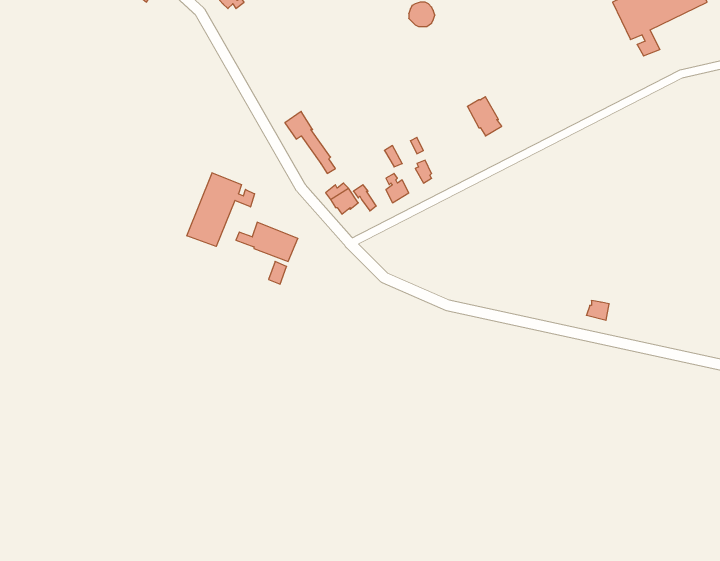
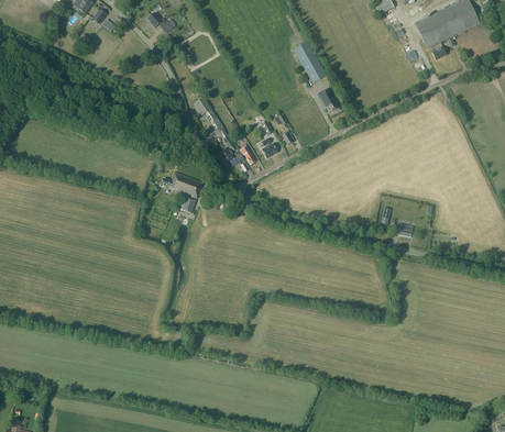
building: none -> [294,41,327,82]
building: [187,173,255,246] -> none

